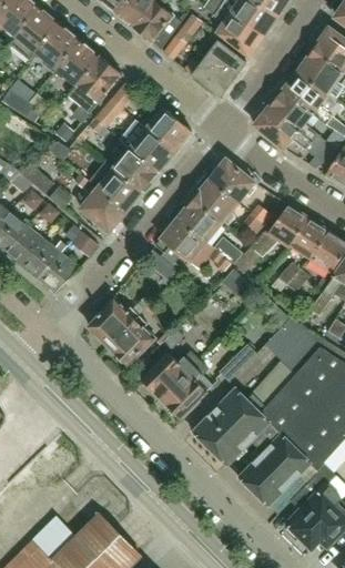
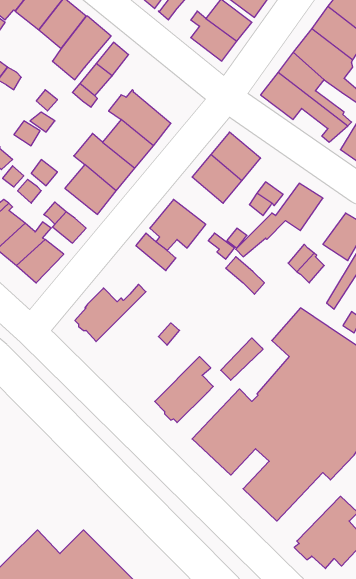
building: [141,104,191,152] -> none
building: [176,200,221,242] -> none
building: [290,219,329,260] -> none
building: [108,315,154,365] -> none
building: [141,351,200,399] -> none

